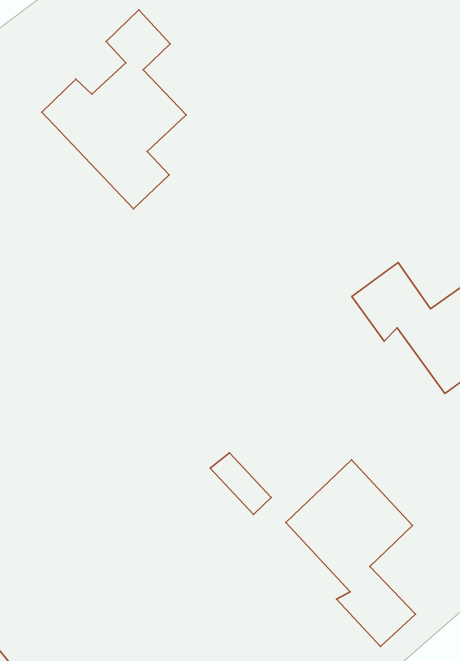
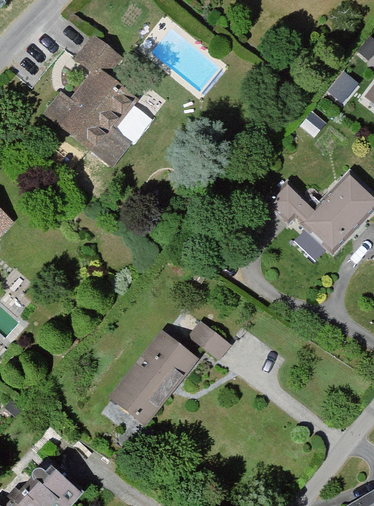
building: none -> [106,327,199,424]
building: [286,460,415,647] -> none

